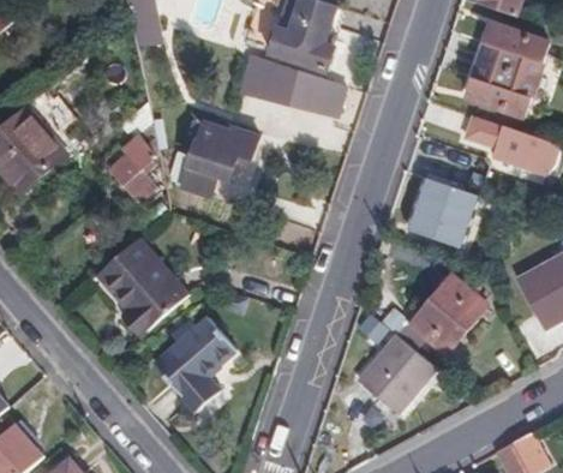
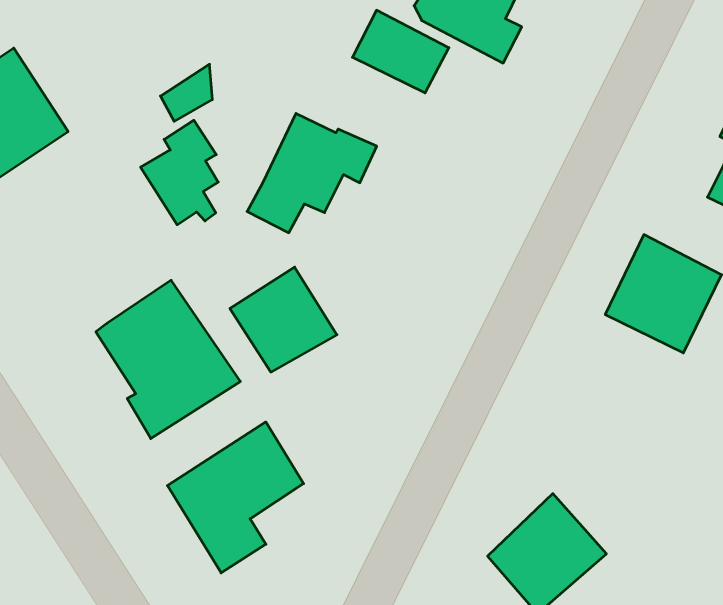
building: [280,68,337,114] -> none
building: none -> [230,267,337,372]
building: [409,279,484,353] -> none

